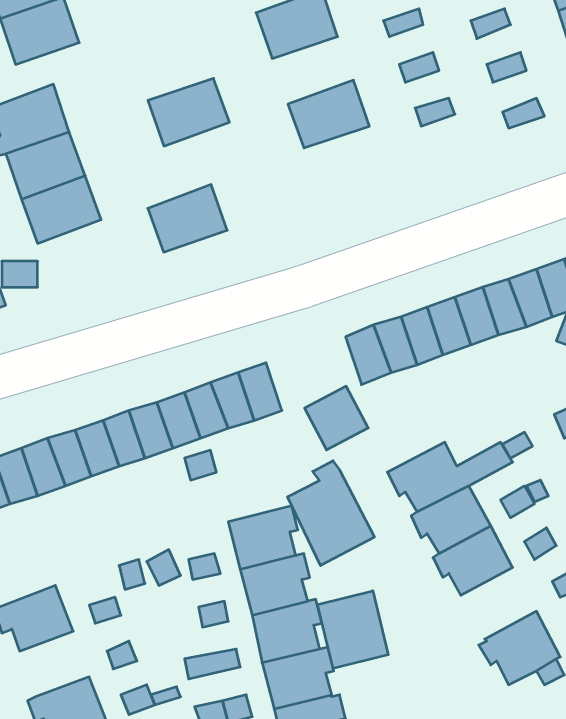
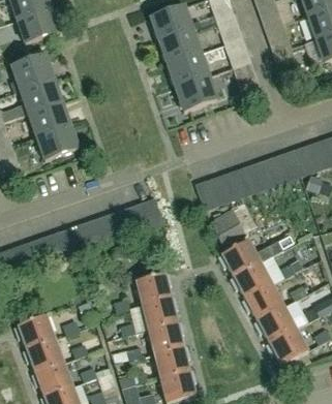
building: [148,78,229,146] -> [158,28,201,63]
building: none -> [175,74,217,111]
building: [148,185,227,252] -> [36,123,78,158]
building: [305,386,368,450] -> [212,211,245,244]
building: [288,461,374,566] -> none
building: none -> [254,304,296,341]
building: [318,591,388,669] -> none
building: none -> [23,337,63,371]

